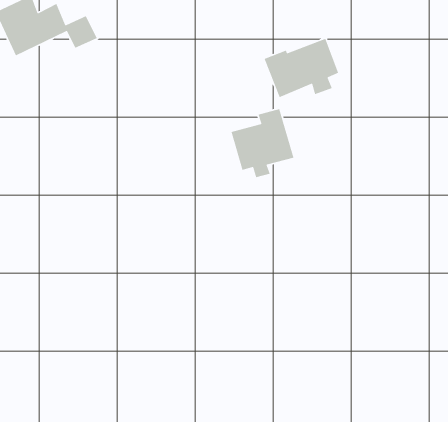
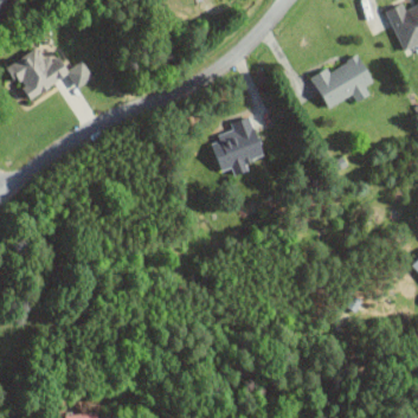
building: [263,38,339,98] -> [311,54,374,108]

